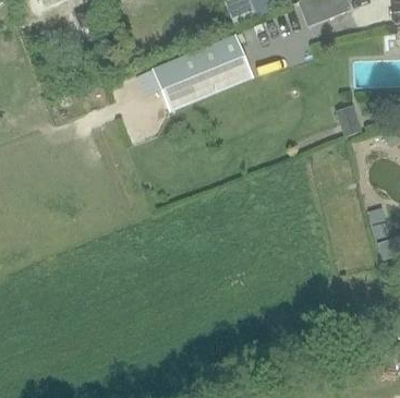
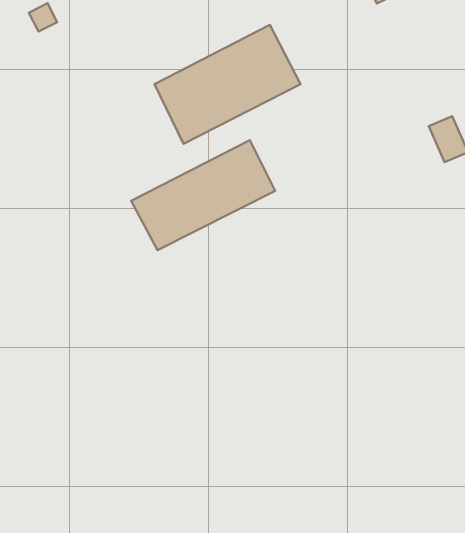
building: none -> [131,140,275,250]

